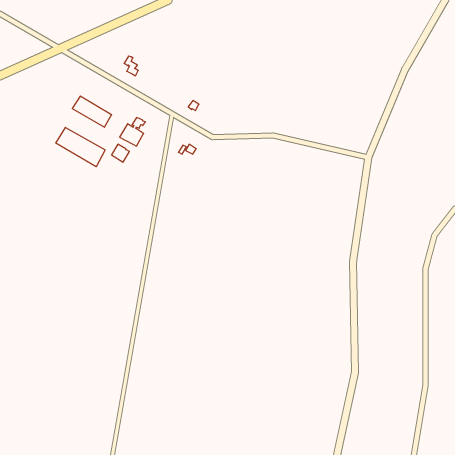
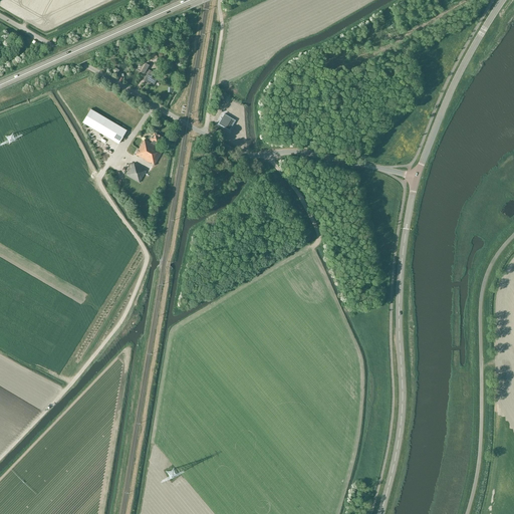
building: [56,127,105,167] -> none

